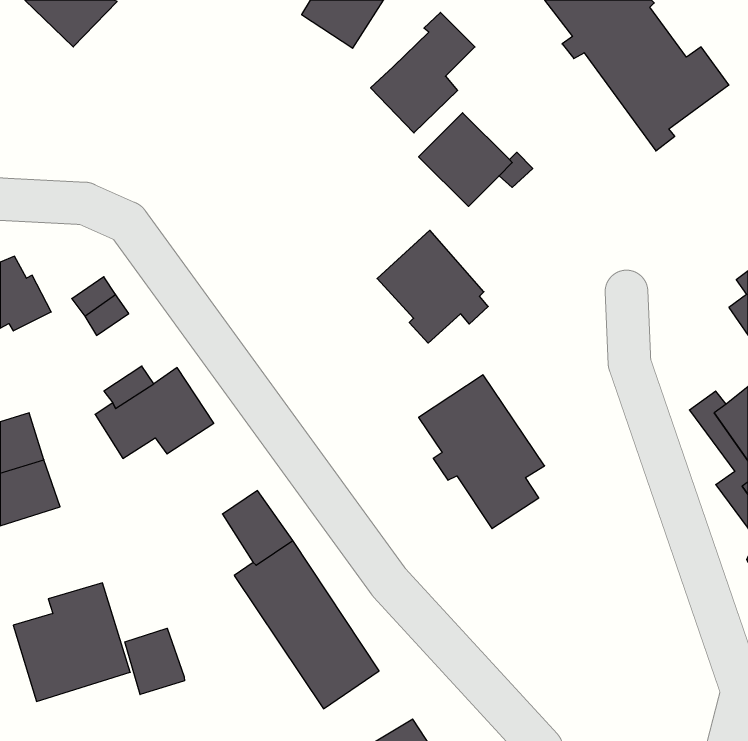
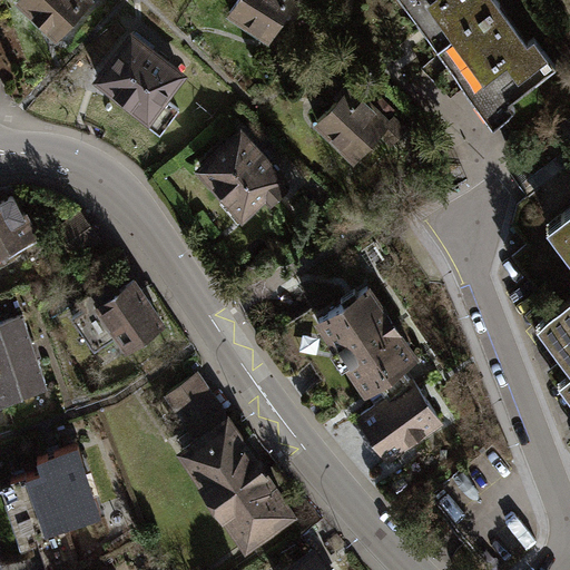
building: [371,12,475,133] -> none
building: none -> [96,37,183,121]
building: [377,230,488,343] -> [199,135,284,220]
building: none -> [358,382,439,458]
building: [125,628,185,695] -> none

